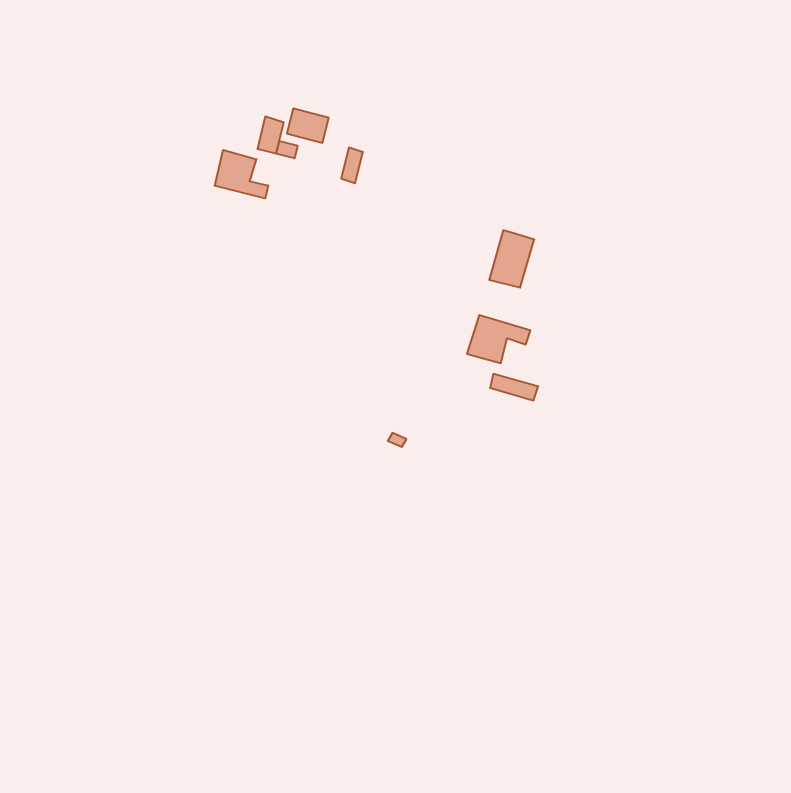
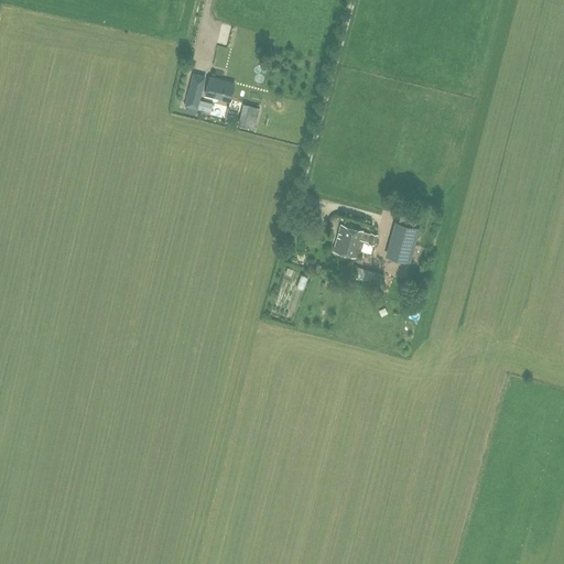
building: [215,150,268,198] -> none
building: [489,230,534,288] -> [387,221,419,262]

